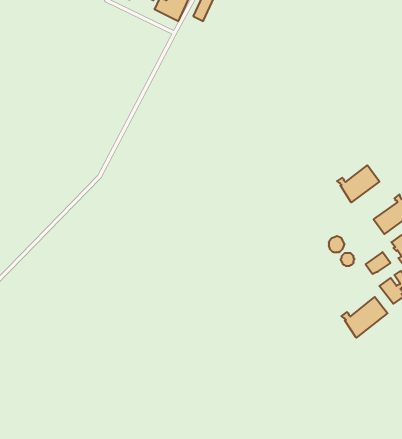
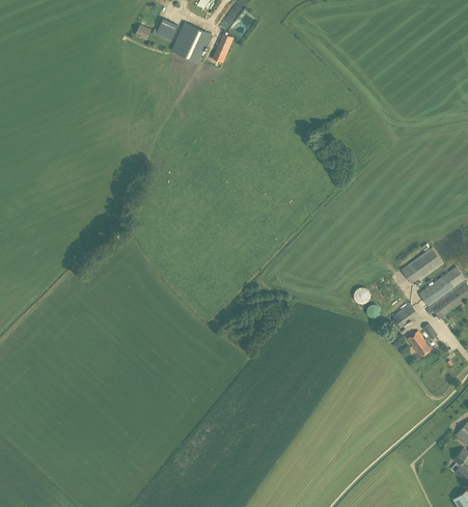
building: [337,165,379,202] -> none
building: [341,297,388,338] -> none

